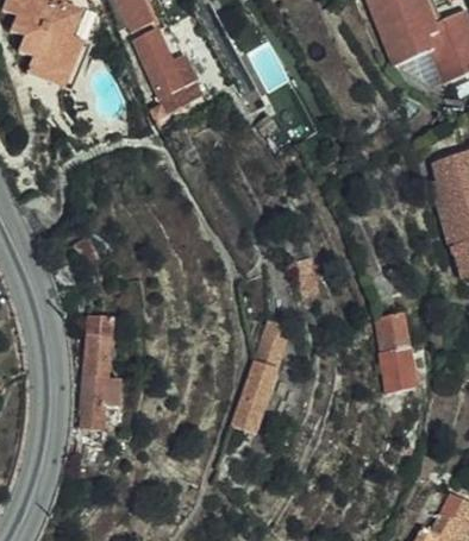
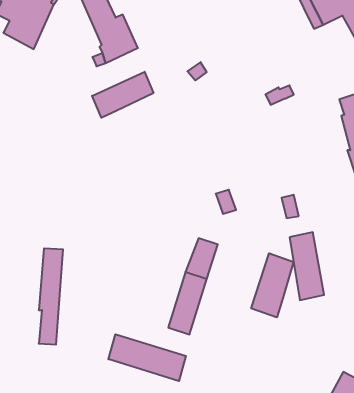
building: none -> [92,72,153,118]
building: none -> [251,253,294,317]
building: none -> [108,334,186,381]

